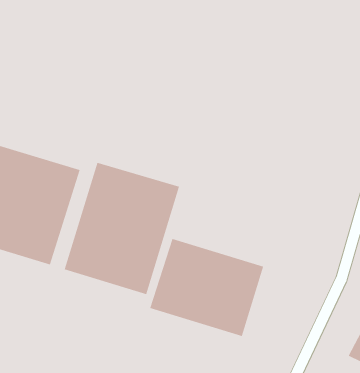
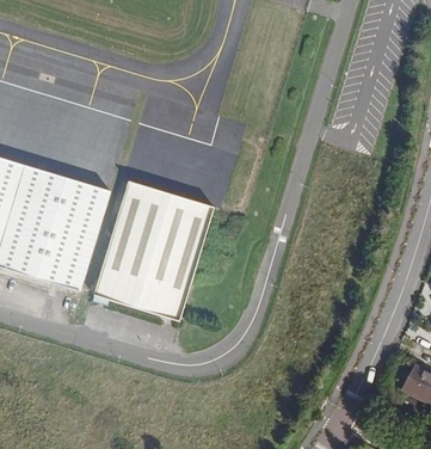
building: [150,238,264,337] -> none

